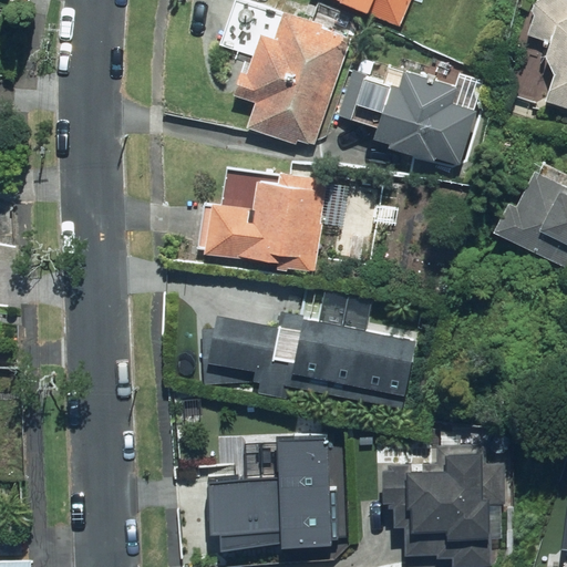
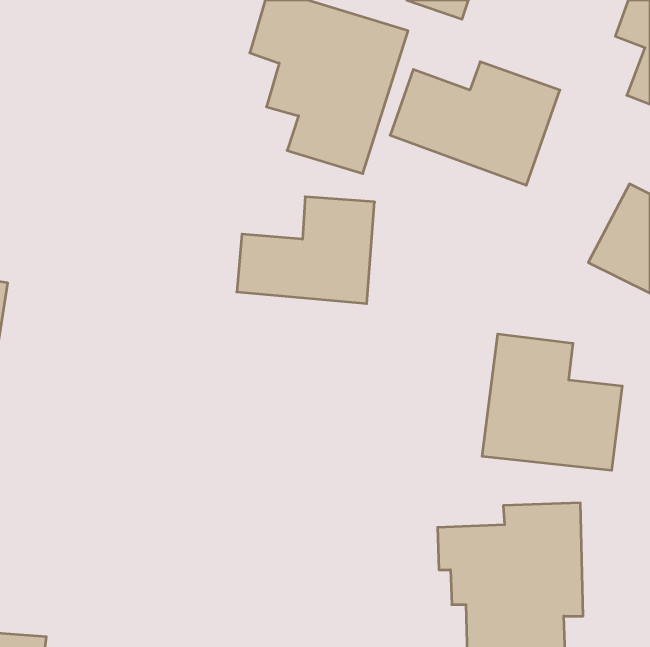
building: [207,285,421,409] -> none
building: none -> [482,334,622,470]
building: [212,435,333,556] -> none

